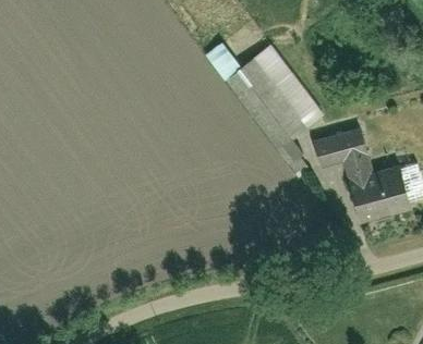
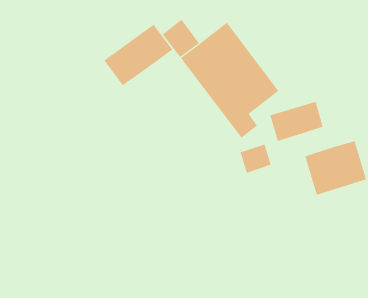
building: none -> [103,24,173,86]
building: [343,151,376,182] -> [240,144,272,173]

